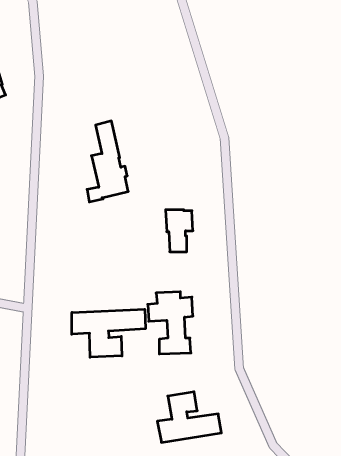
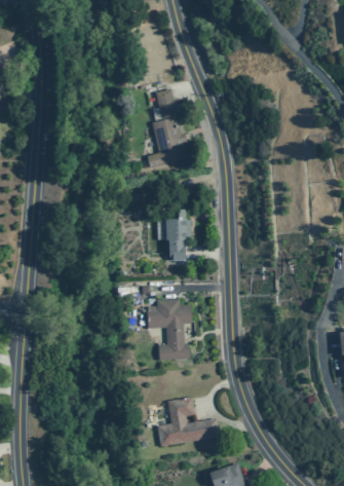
building: [87,121,128,202] -> [148,88,188,167]
building: [72,309,145,357] -> none

